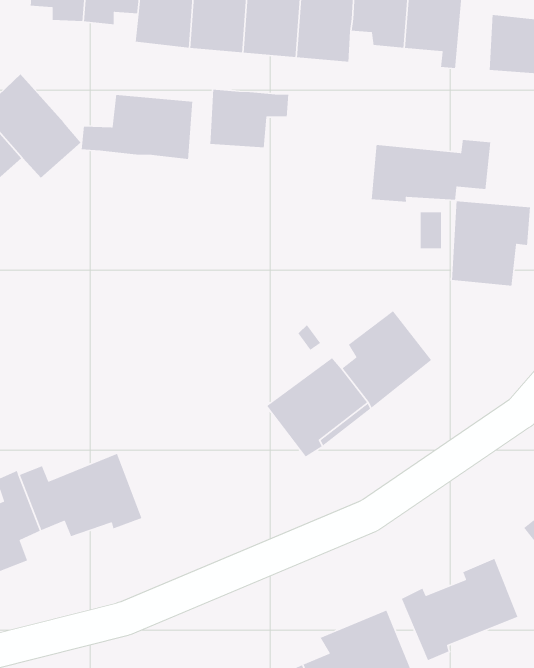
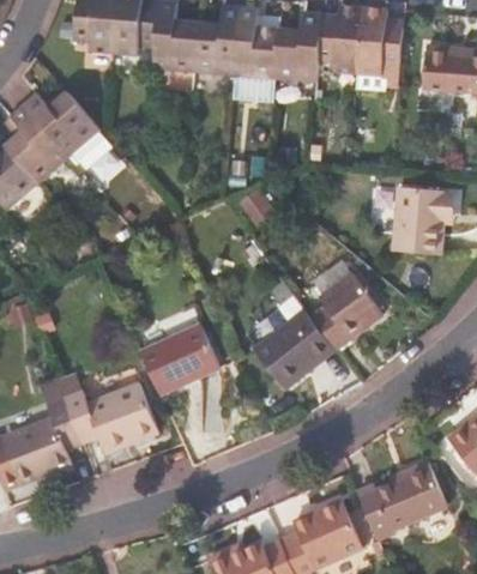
building: [209,89,289,148] -> none
building: [81,94,193,160] -> none
building: [371,139,491,203] -> none
building: none -> [140,327,219,398]

